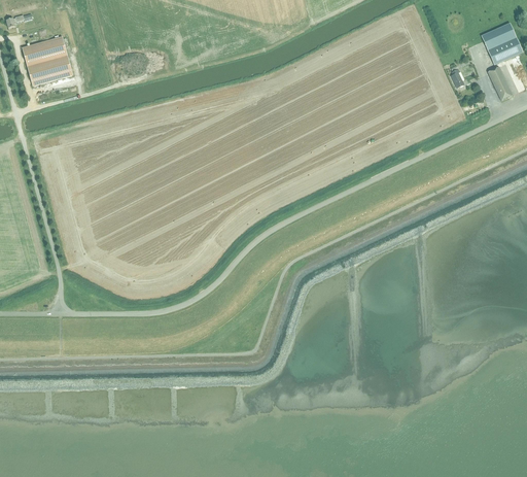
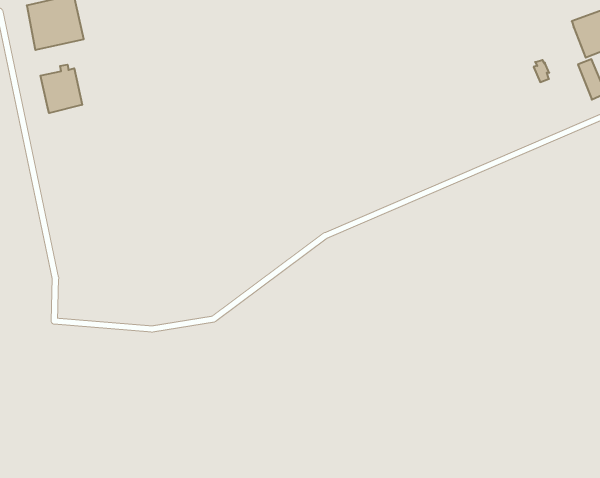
building: none -> [40,65,82,113]

